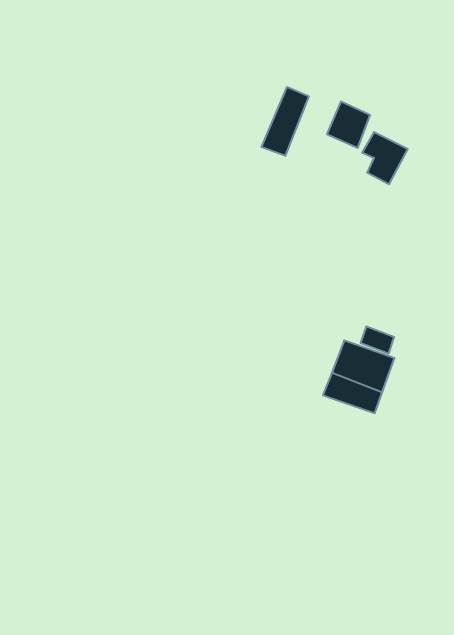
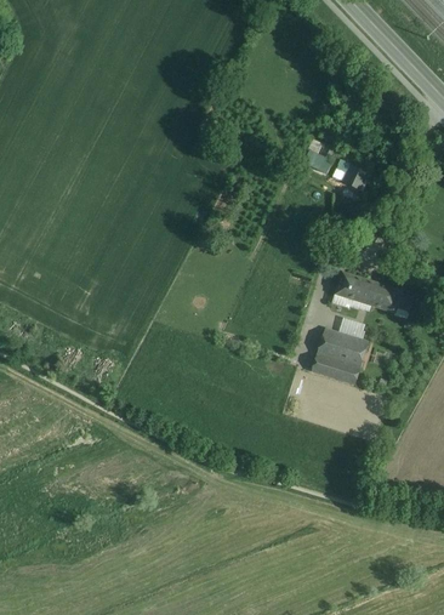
building: [261,87,309,156] -> none
building: none -> [335,272,404,312]

